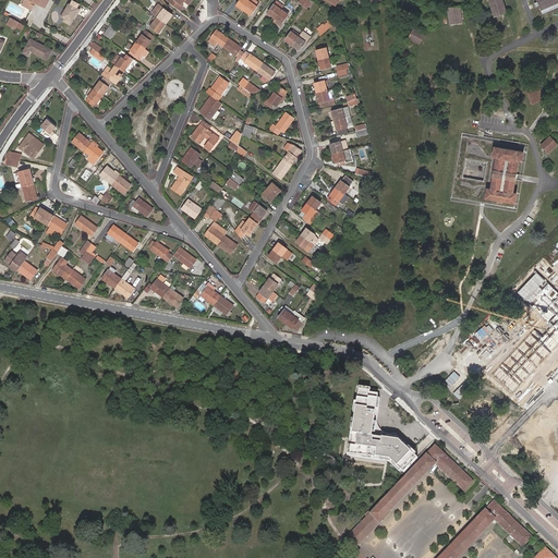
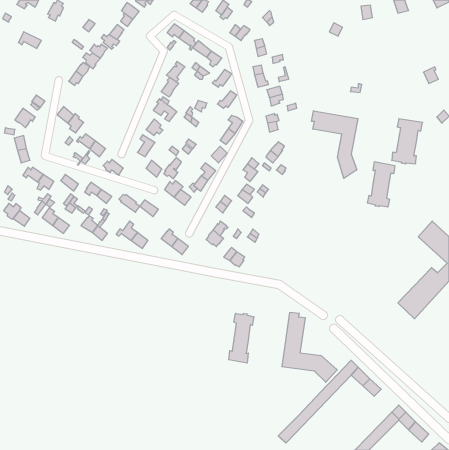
building: none -> [311,111,358,178]
building: none -> [367,162,395,207]
building: none -> [229,313,254,363]

